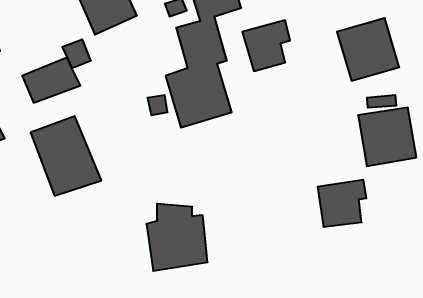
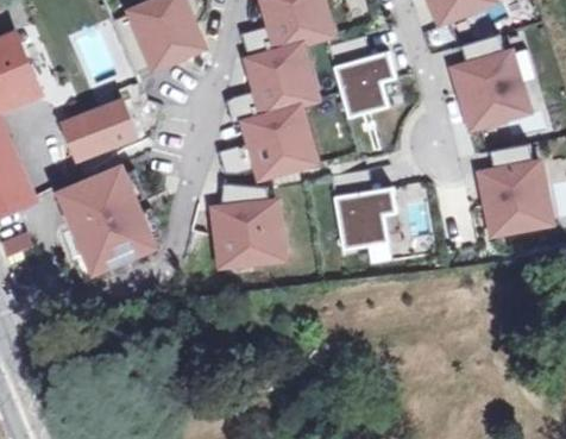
building: [318,180,366,227] -> [333,188,394,246]
building: [146,204,208,271] -> [210,186,287,269]

